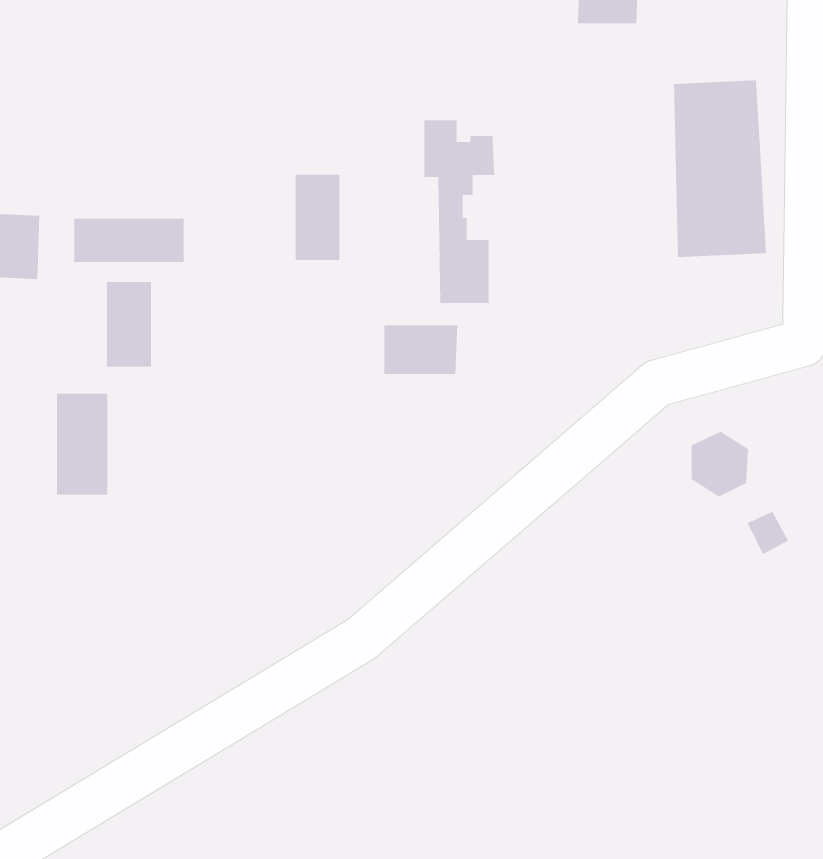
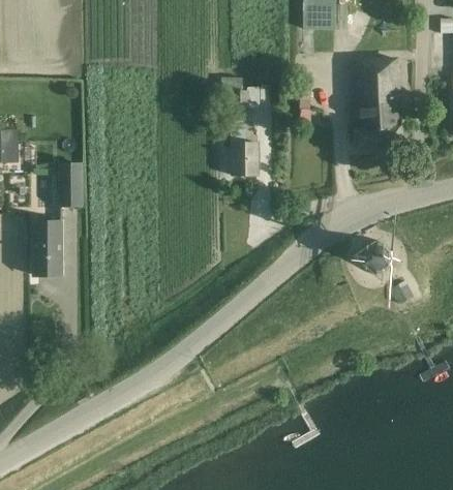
building: [295,174,340,261] -> none
building: [74,218,184,263] -> none
building: [384,325,458,375] -> none

